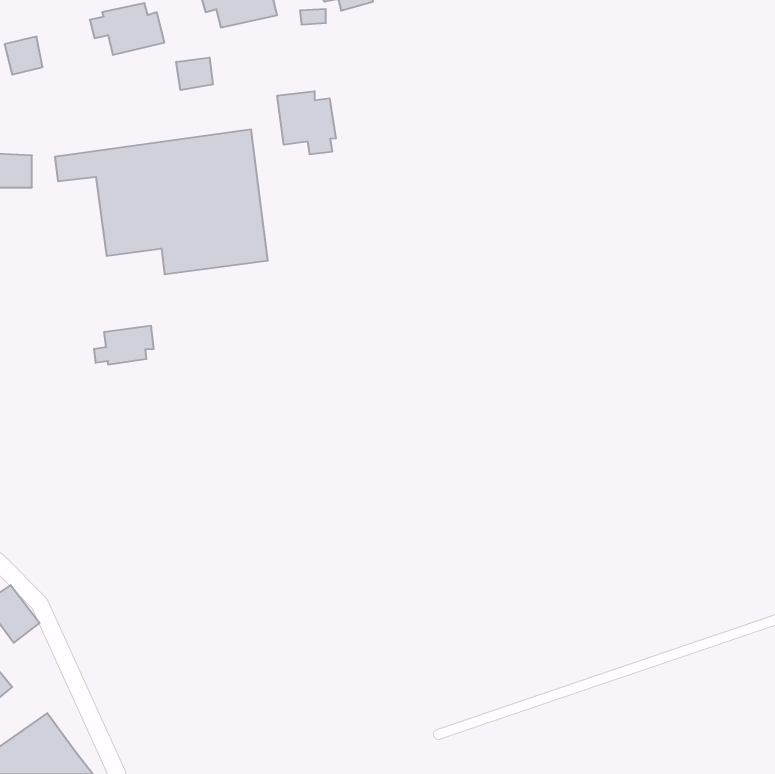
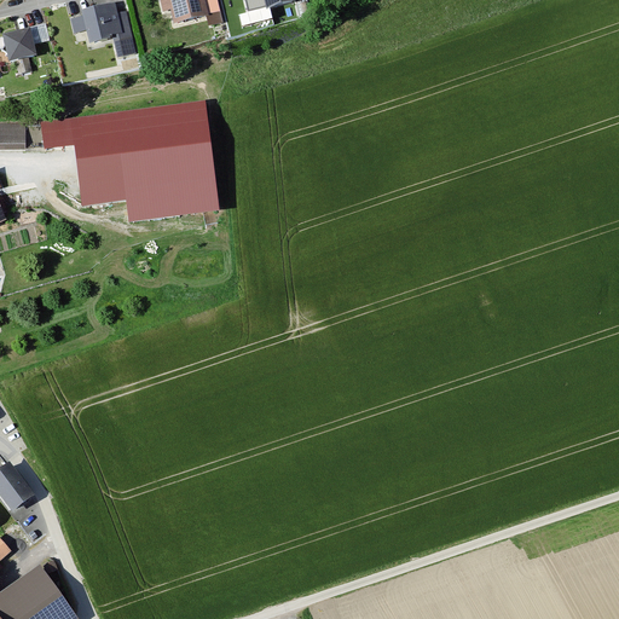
building: [176,57,213,90] -> none
building: [277,91,336,154] -> none
building: [94,326,154,365] -> none

